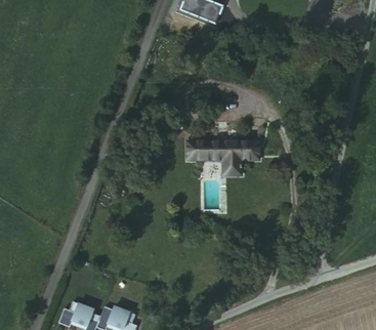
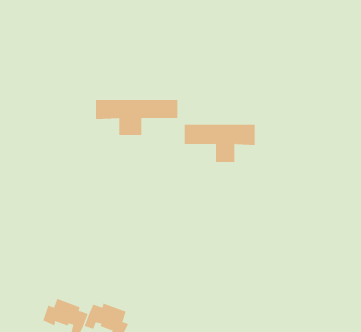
building: none -> [96,99,178,136]

